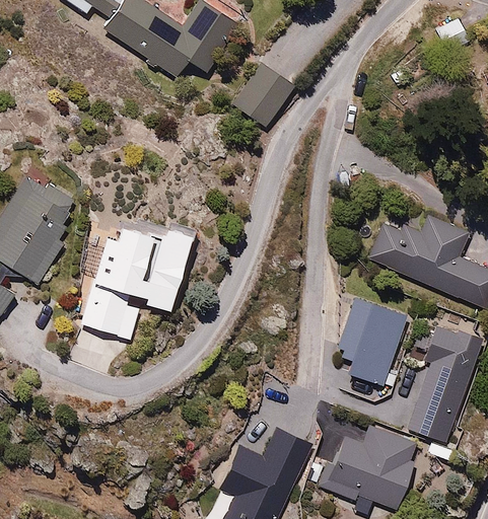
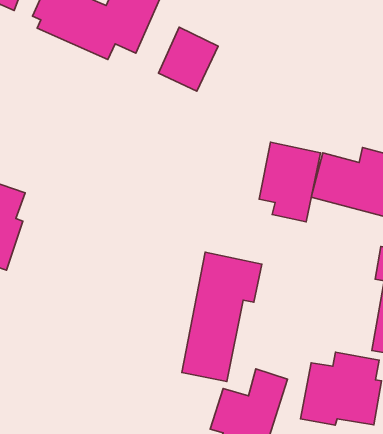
building: [79,228,187,340] -> none
building: [339,295,411,384] -> [259,142,320,222]
building: none -> [182,252,262,381]

